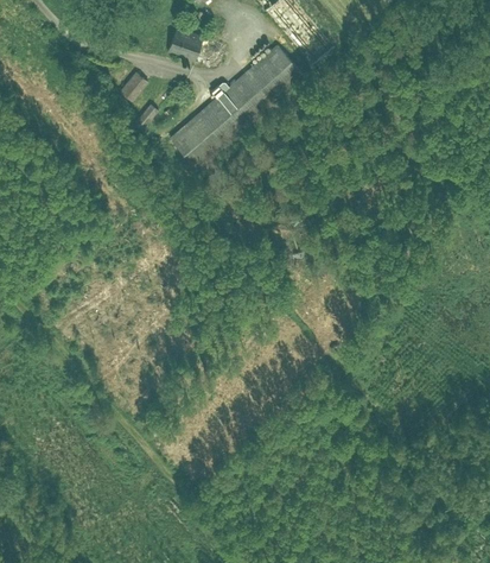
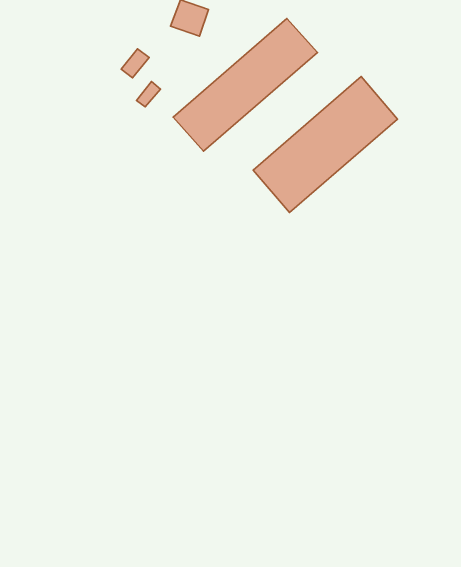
building: none -> [253,77,397,213]

